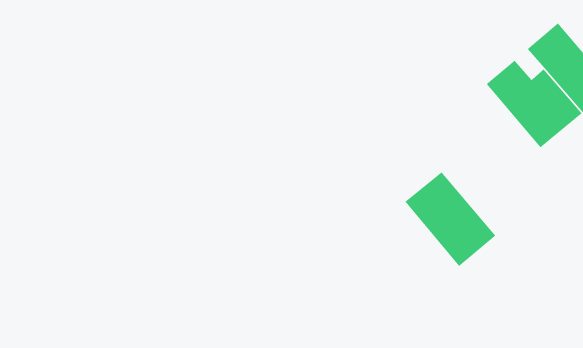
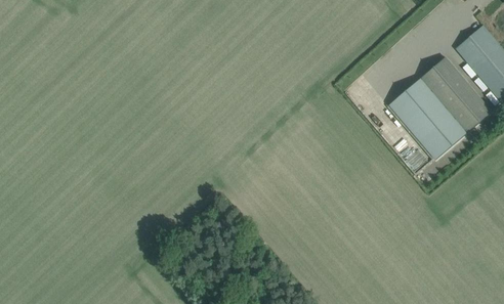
building: [404,172,496,267] -> [388,77,466,158]

